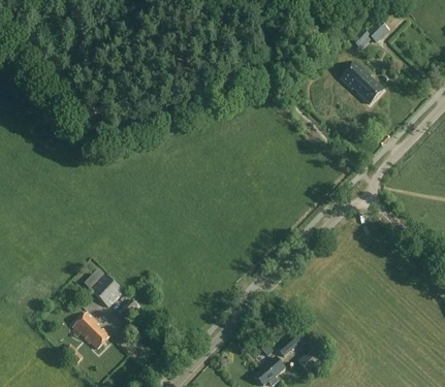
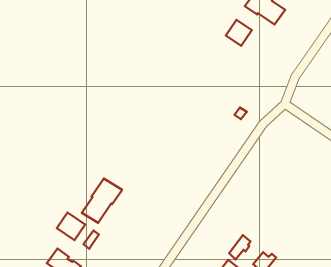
building: none -> [226,20,252,46]
building: none -> [82,178,122,223]

